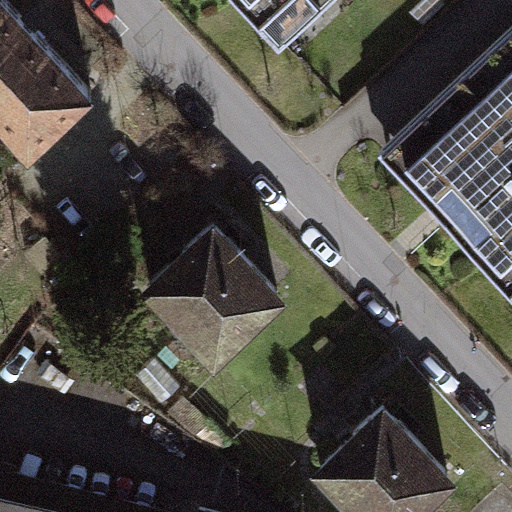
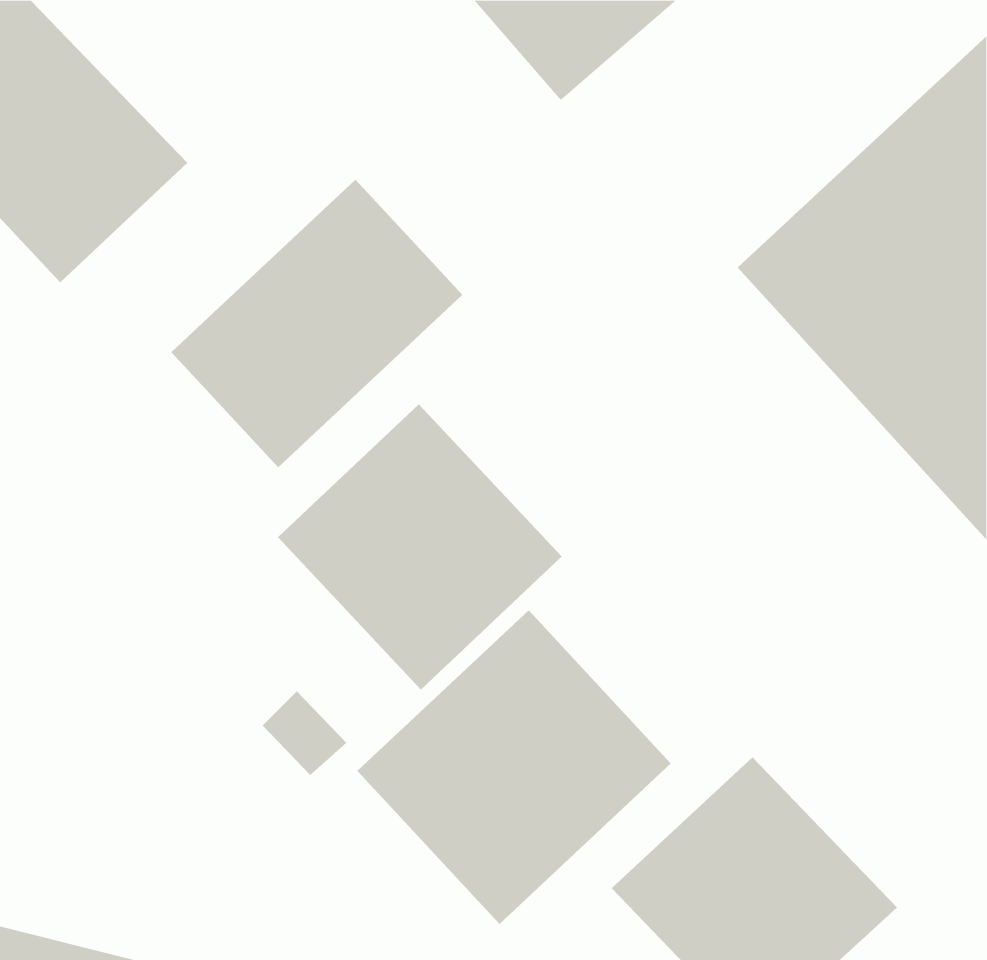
building: none -> [171,179,463,468]
building: none -> [357,609,672,925]

